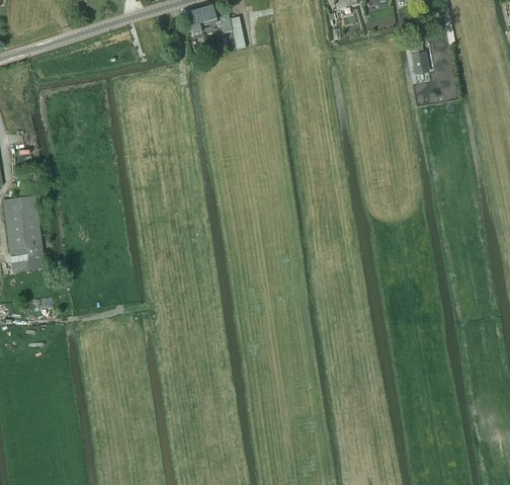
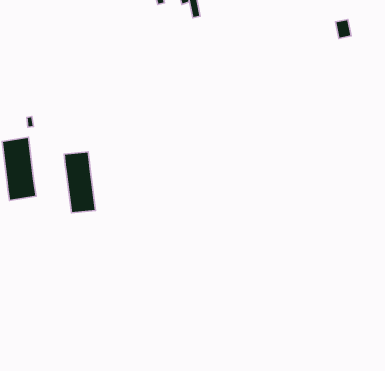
building: none -> [64,152,96,213]

